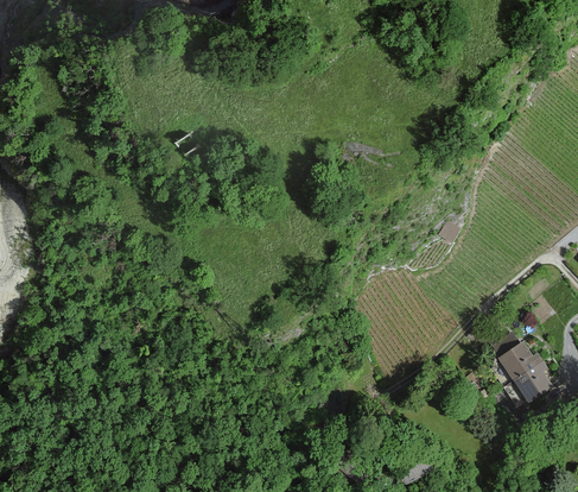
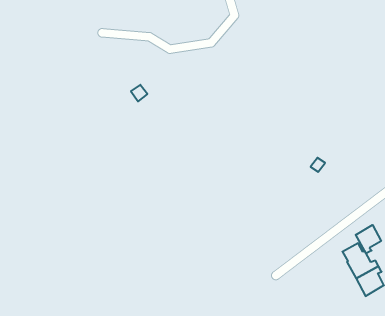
building: none -> [356,225,381,254]

